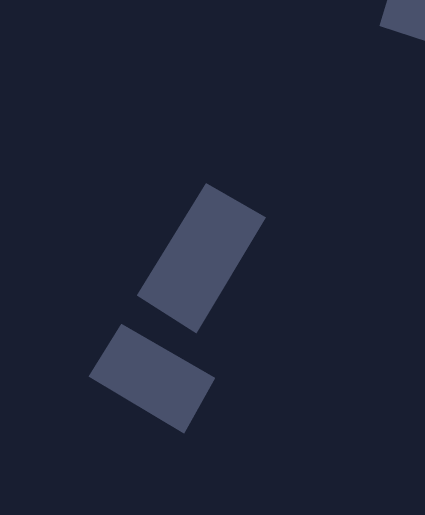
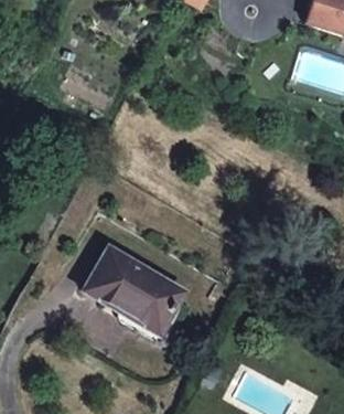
building: [136,182,267,335] -> none

